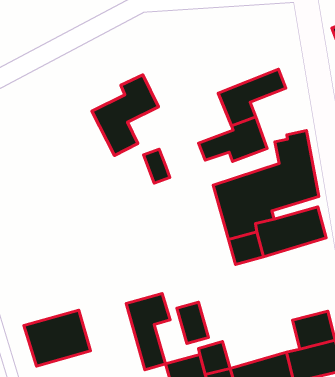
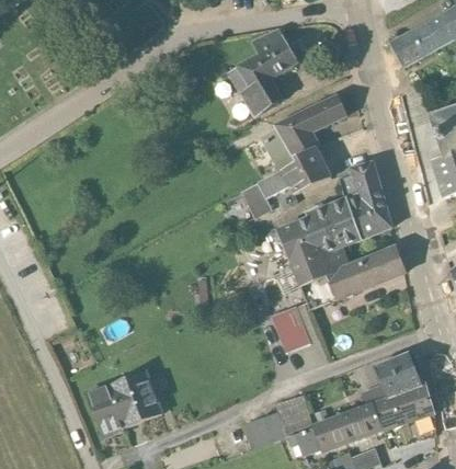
building: [92,75,158,156] -> [227,28,298,118]
building: [144,149,170,183] -> [240,181,271,218]
building: [126,293,170,370] -> none
building: [177,302,209,344] -> [271,306,308,352]

